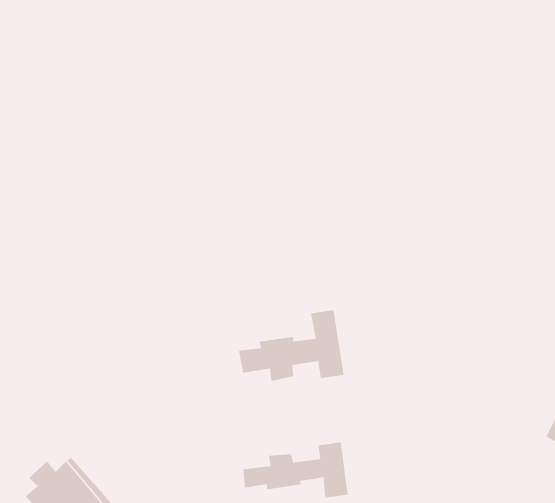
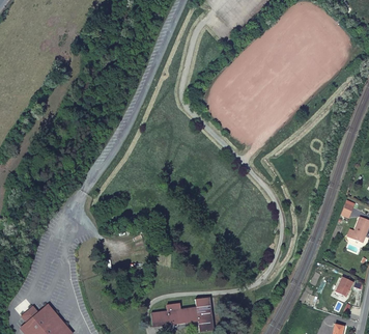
building: [238,309,344,382] -> none

